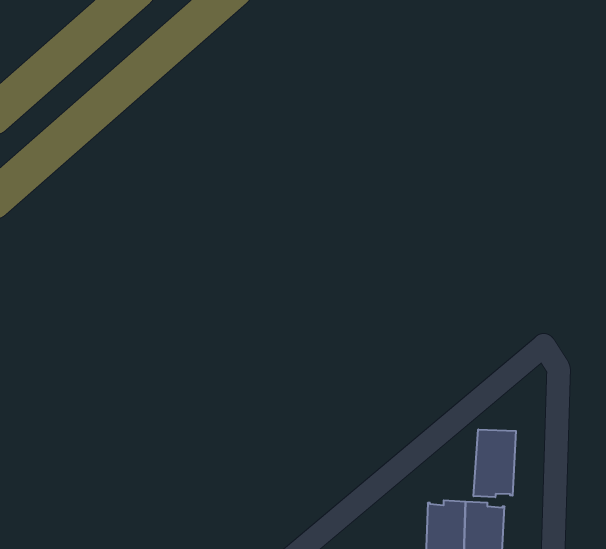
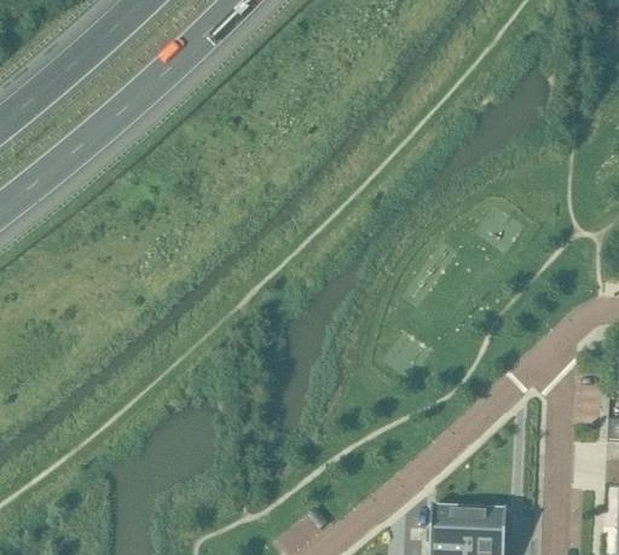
building: [474,429,516,497] -> none

